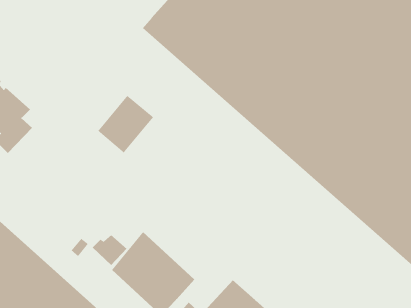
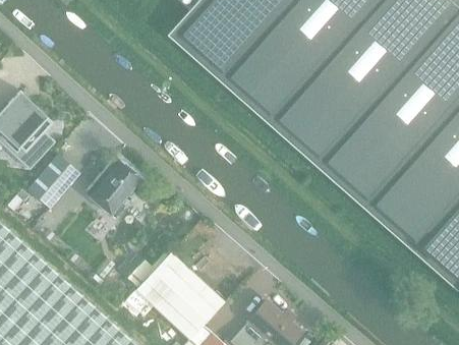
building: [97,95,154,154] -> [85,157,146,219]
building: none -> [27,154,79,209]

